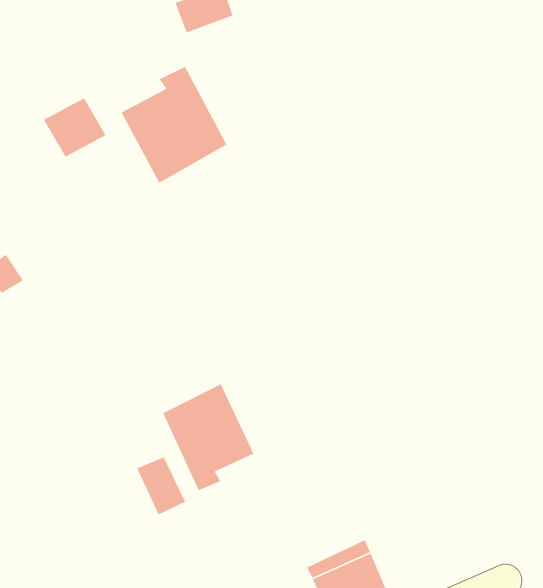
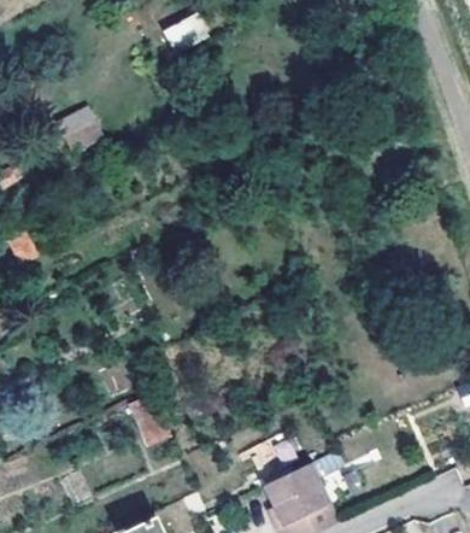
building: [120,66,227,184] -> none
building: [162,383,254,491] -> none

